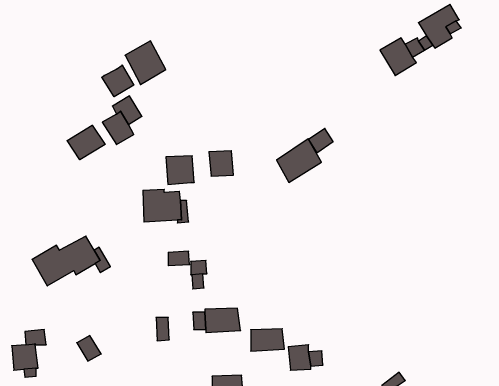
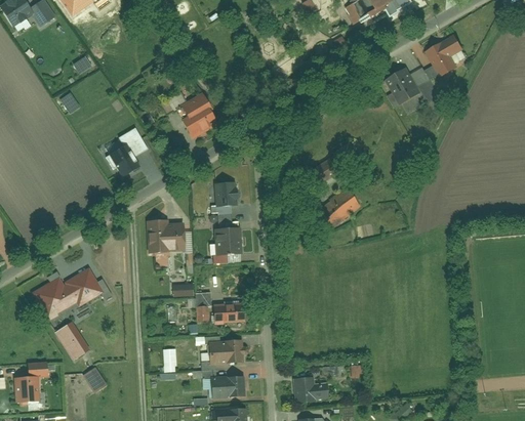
building: [125,41,166,85] -> [177,94,218,138]
building: [102,65,134,97] -> none
building: [67,125,105,160] -> none
building: [277,139,321,182] -> [317,186,362,230]
building: [166,156,194,184] -> [214,227,243,256]
building: none -> [214,303,245,323]
building: none -> [54,322,90,361]
building: [251,329,284,351] -> [212,376,246,398]

